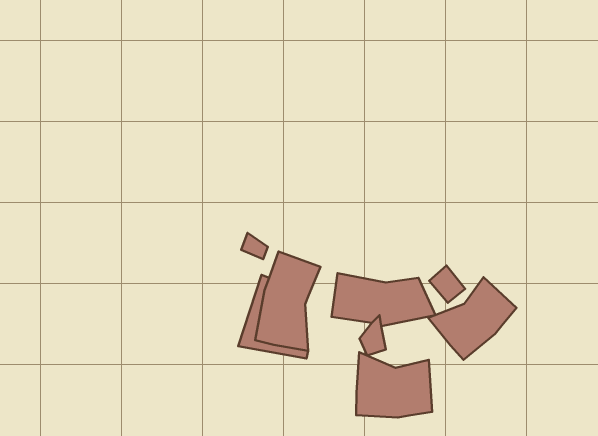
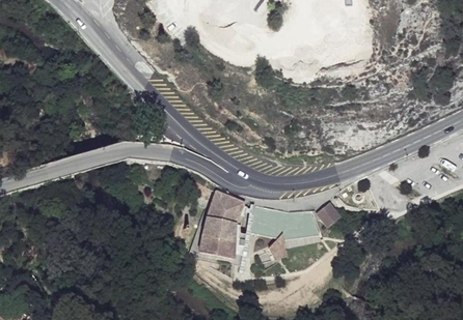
building: [428,277,516,360] -> none
building: [356,352,432,417] -> none

